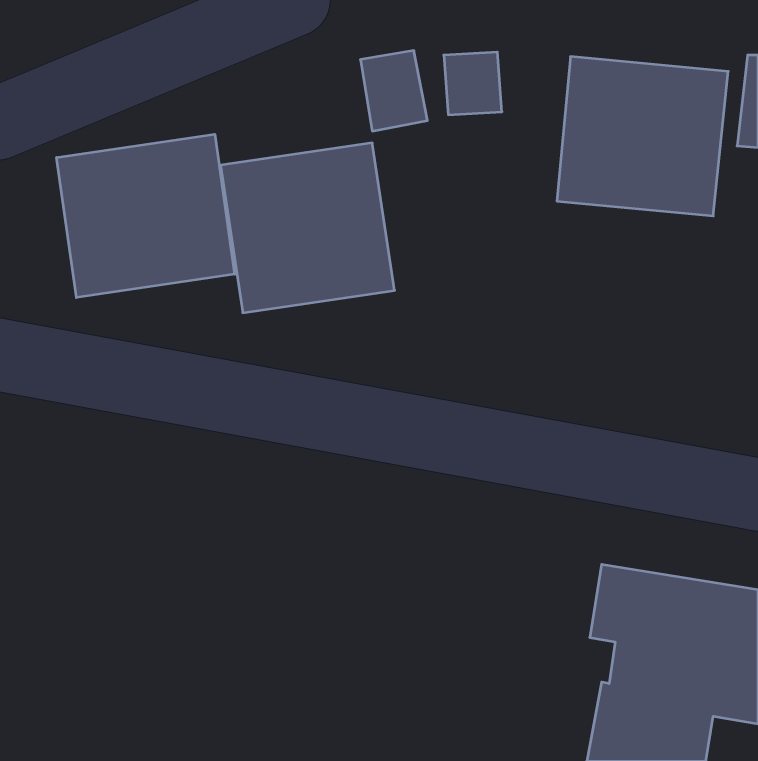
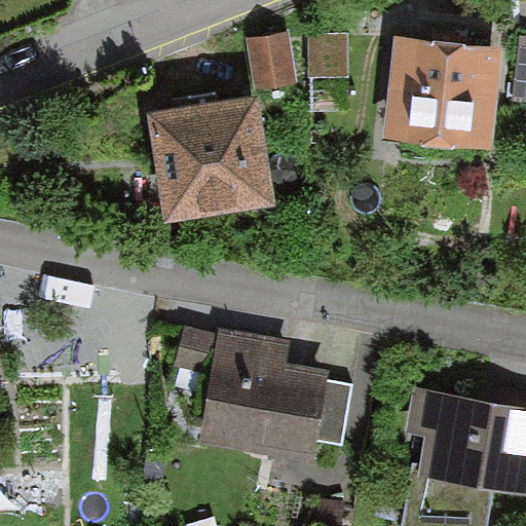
building: [57,134,235,298] -> none
building: none -> [176,328,352,461]

